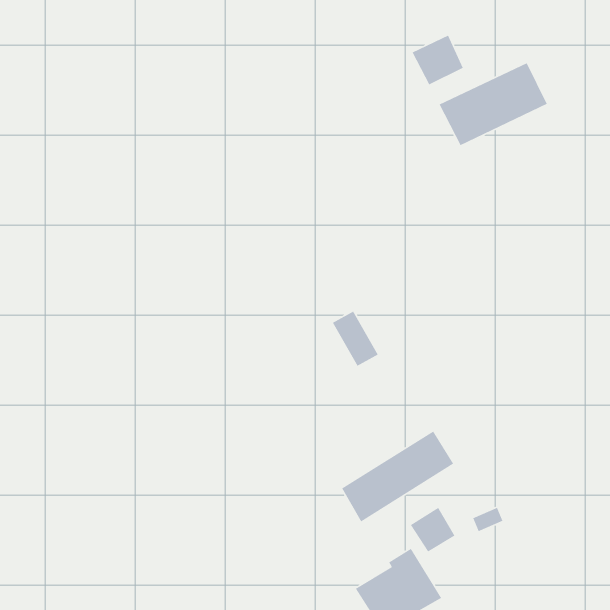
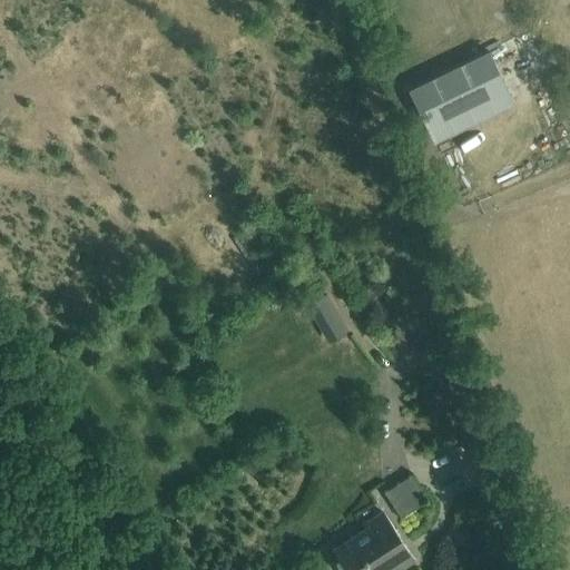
building: [412,34,464,85] -> none
building: [341,430,454,523] -> none

